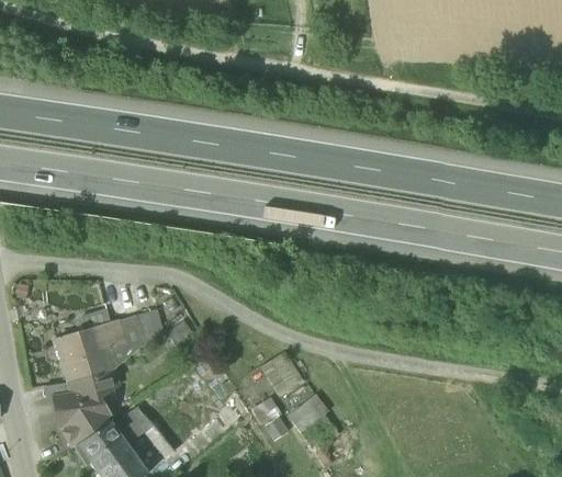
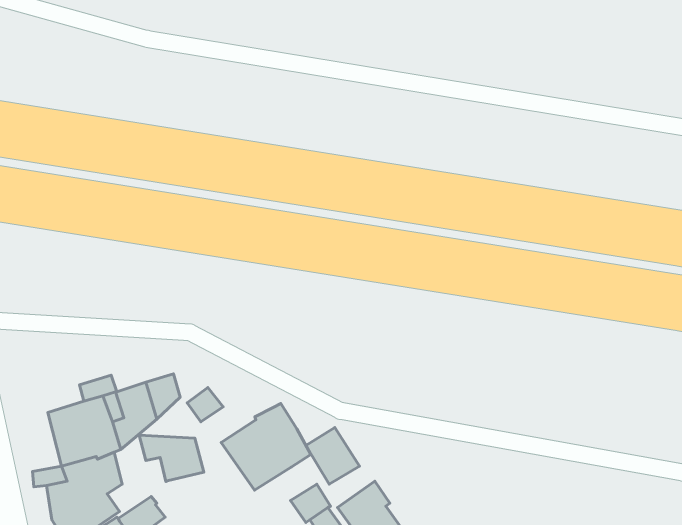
building: none -> [221,404,311,490]
building: none -> [139,435,204,481]

